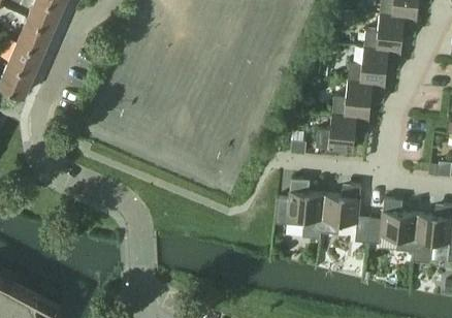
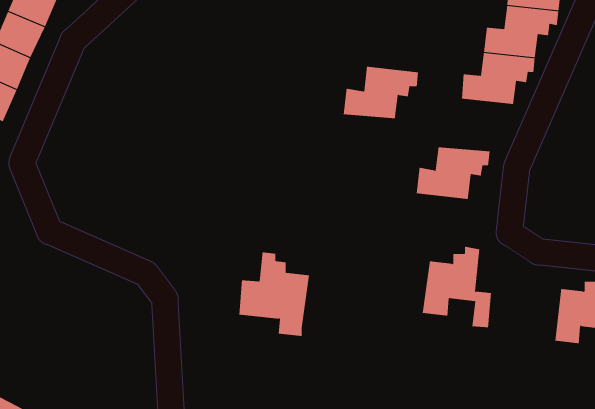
building: [331,81,385,118] -> [343,66,419,119]
building: [275,179,325,239] -> [238,252,310,337]
building: [367,198,418,252] -> none

